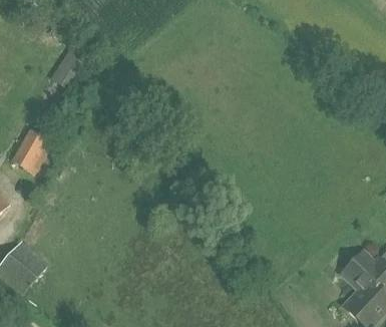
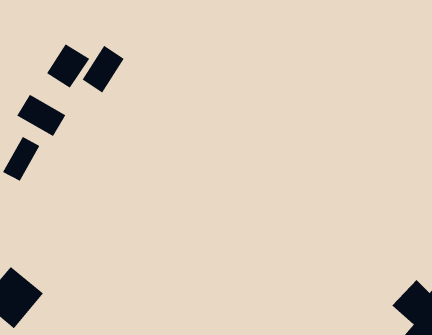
building: none -> [82,45,125,94]
building: none -> [17,94,66,137]

